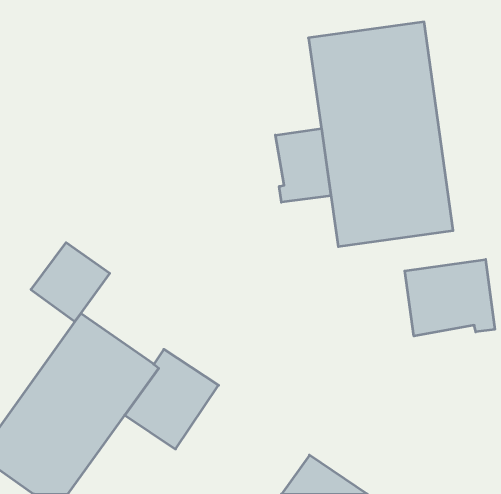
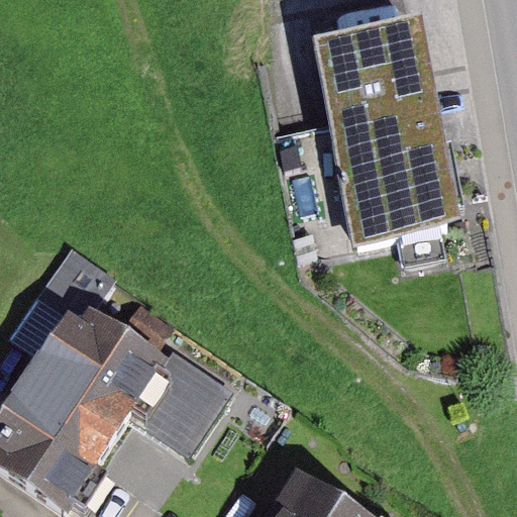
building: [275,129,331,202] -> none
building: [405,259,495,336] -> none

